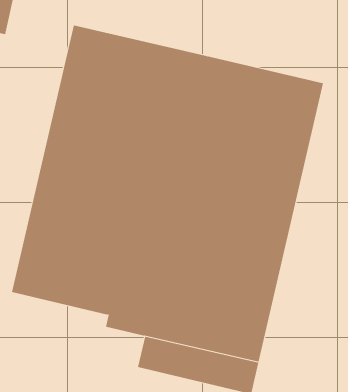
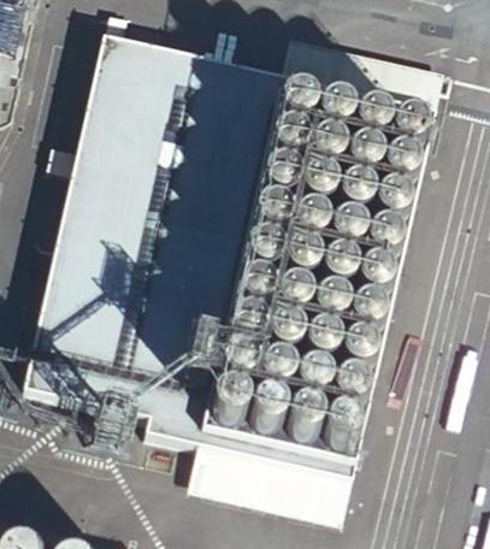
building: none -> [281,37,444,114]

